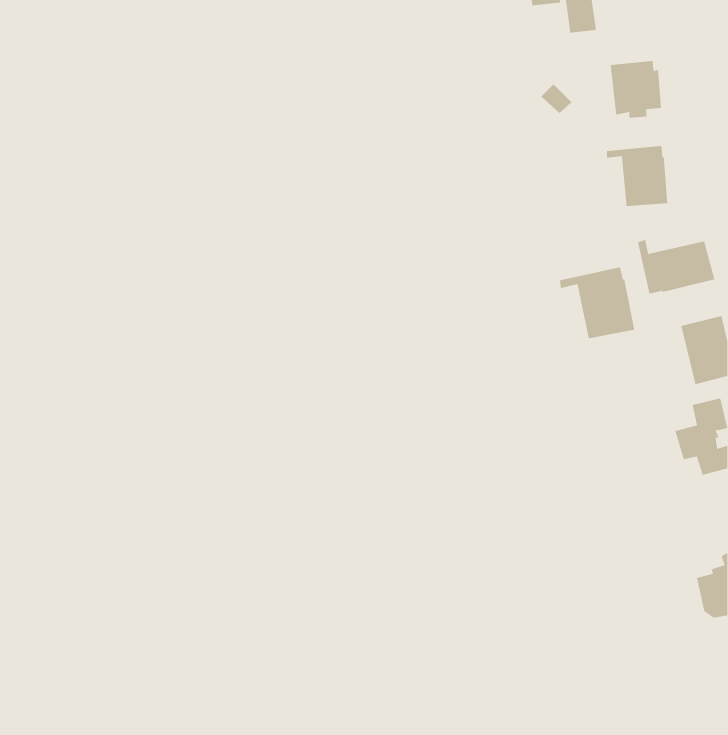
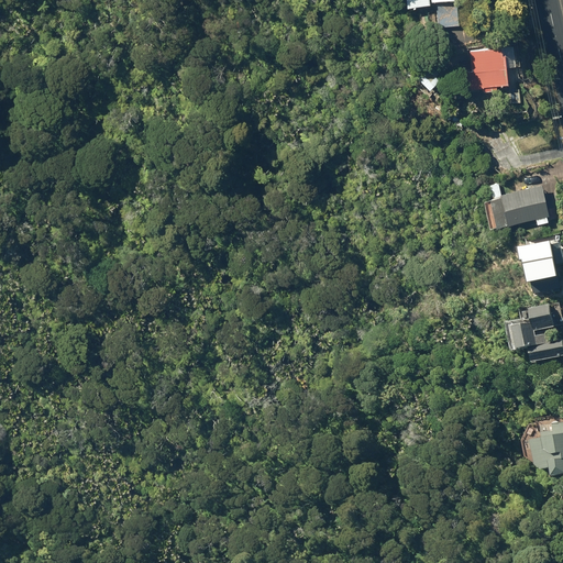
building: [606,145,668,207] -> none
building: [560,266,635,339] -> none

